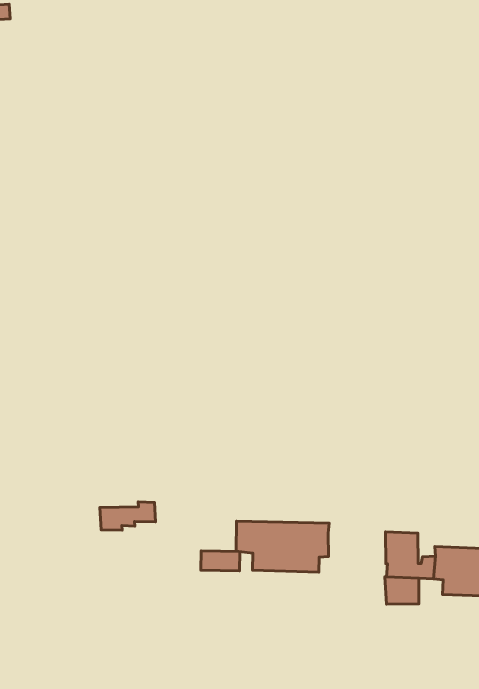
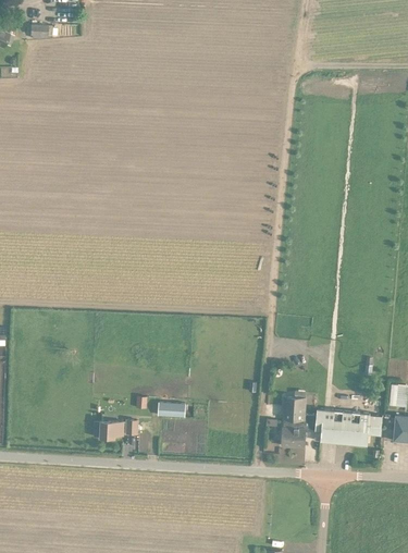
building: [100,502,156,530] -> [99,419,136,438]
building: [236,521,329,572] -> none

